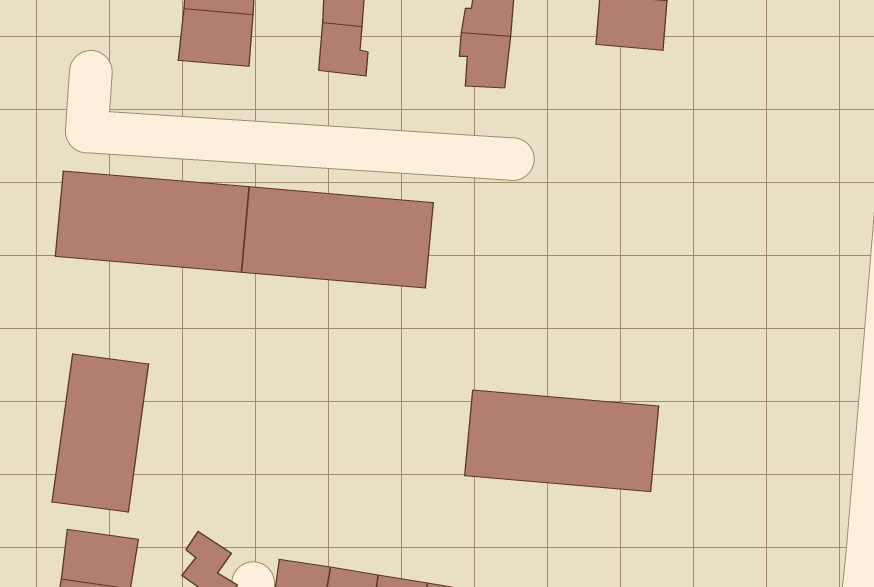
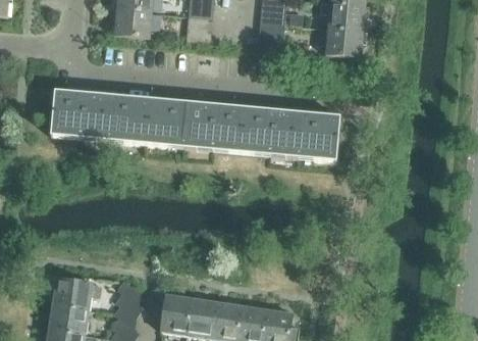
building: none -> [325,28,363,57]
building: [52,354,149,512] -> none
building: [465,390,659,491] -> [241,109,340,161]

